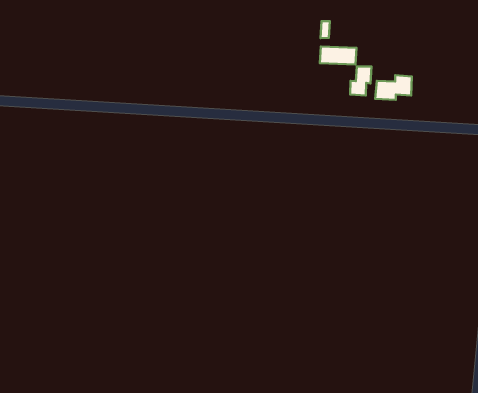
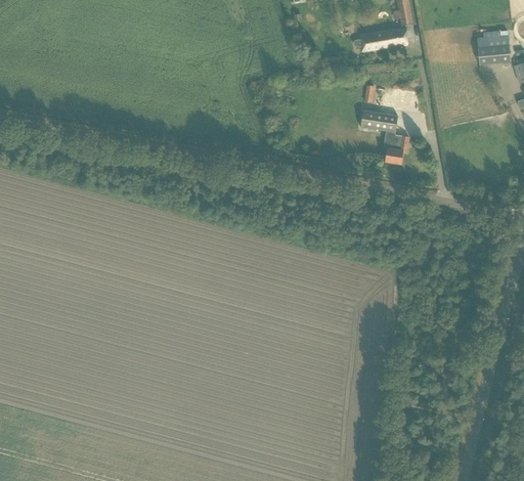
building: [375,75,412,100] -> none

